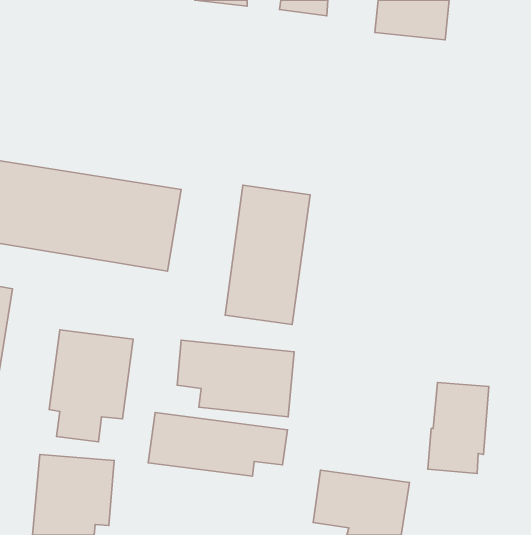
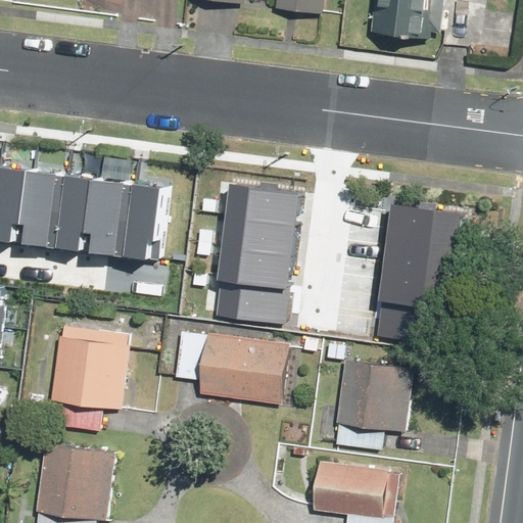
building: none -> [376,205,459,341]
building: [428,382,489,473] -> [331,361,390,449]
building: [148,412,288,476] -> none

